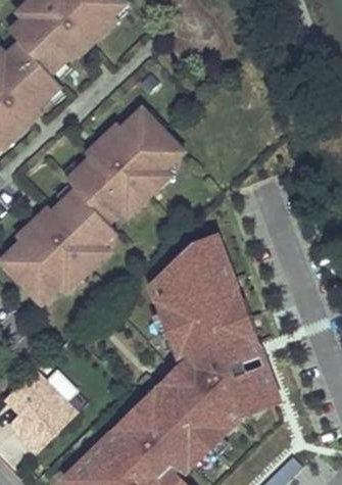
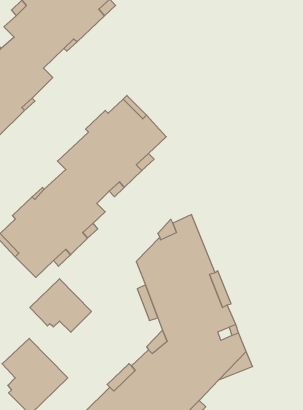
building: none -> [30,279,91,332]

